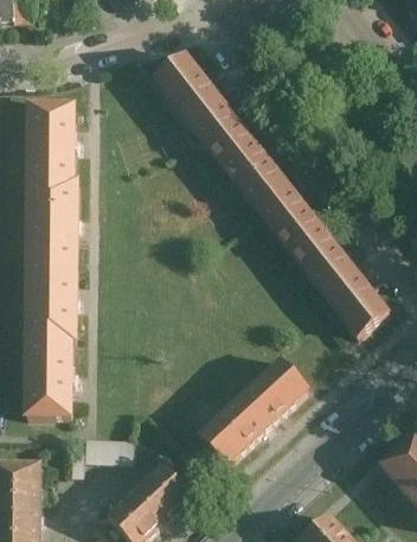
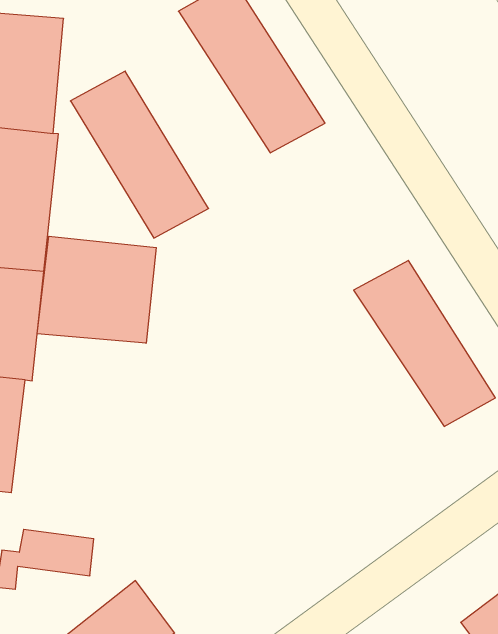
building: [223,141,322,250] -> [70,71,209,238]
building: none -> [37,236,156,343]
building: [199,357,308,463] -> none

